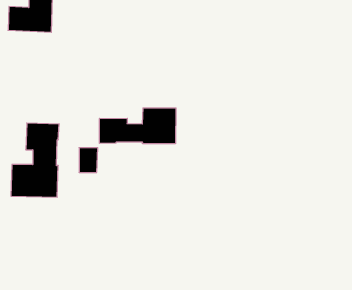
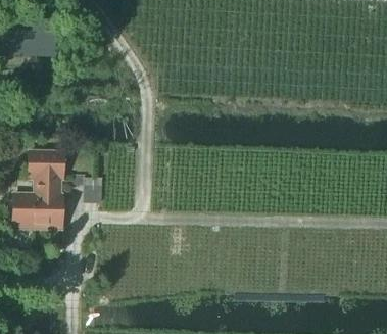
building: [100,108,176,144] -> none

